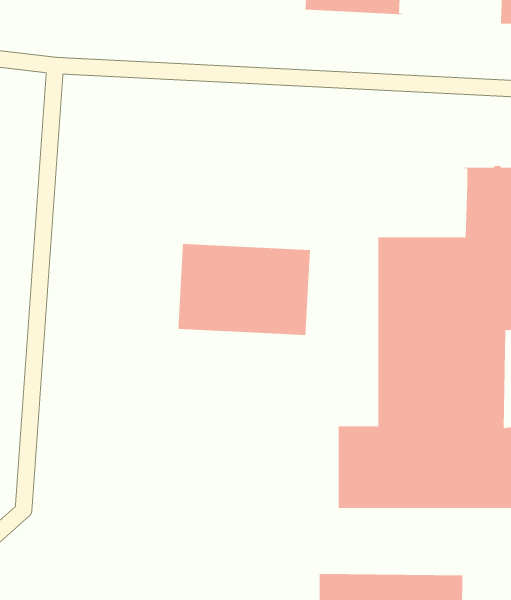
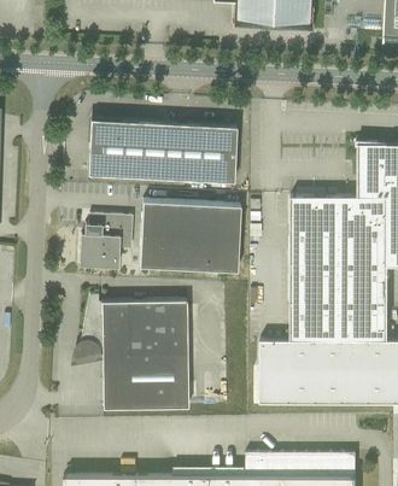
building: none -> [88,119,238,182]
building: none -> [81,215,133,269]
building: none -> [78,295,189,409]

